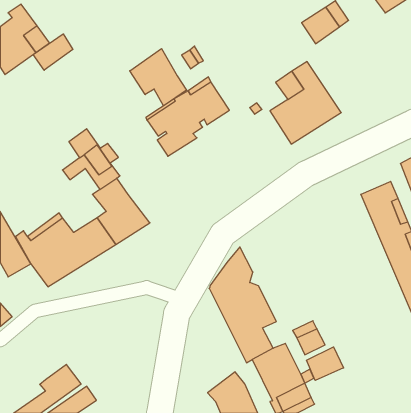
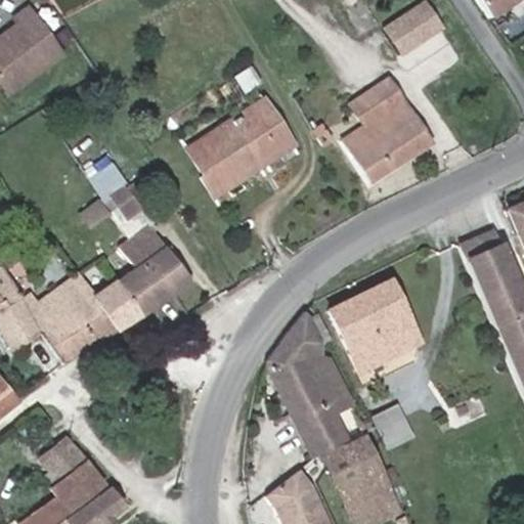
building: [33,34,73,70] -> none
building: [130,49,187,106] -> none
building: none -> [329,278,423,374]
building: none -> [42,438,88,480]
building: [307,347,344,380] -> none

